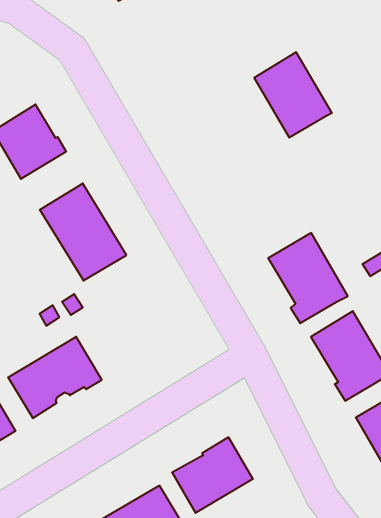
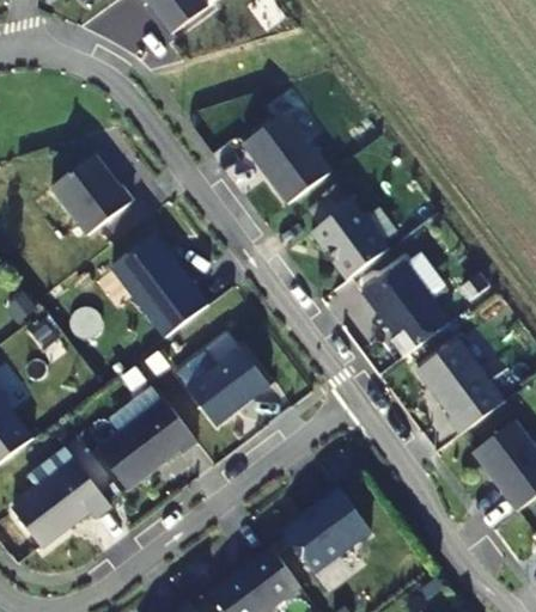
building: [254,52,332,137] -> [243,111,330,203]
building: none -> [312,202,385,277]
building: none -> [187,345,269,424]

